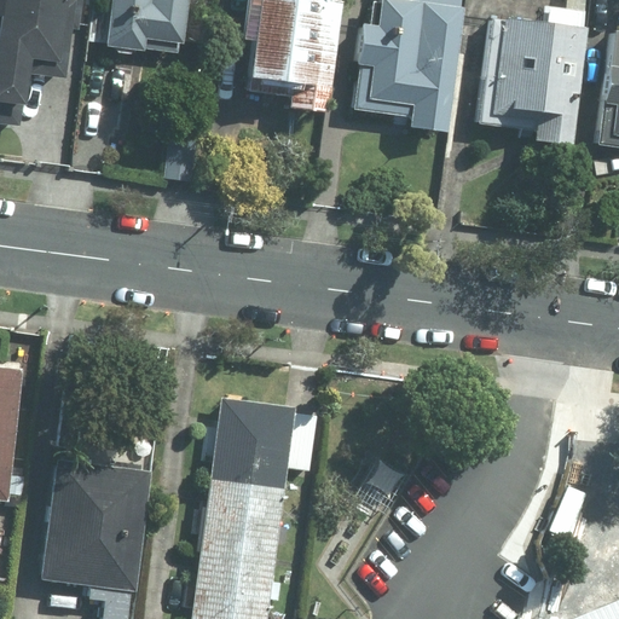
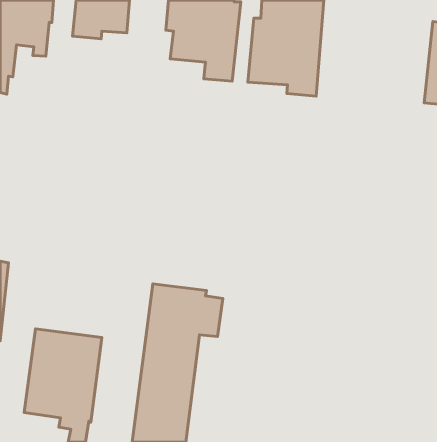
building: [480,6,585,146] -> none

